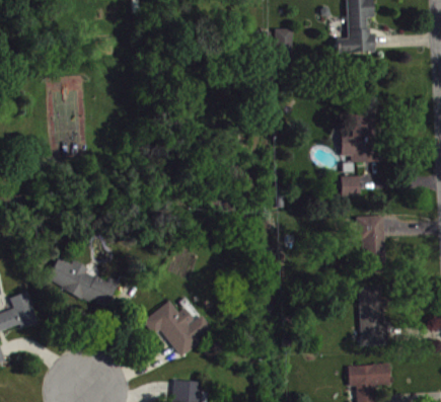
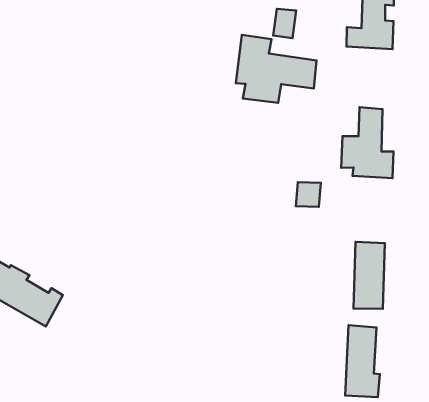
building: none -> [236,35,316,103]
building: [340,175,359,196] -> [296,182,321,207]
building: [142,301,213,353] -> none

